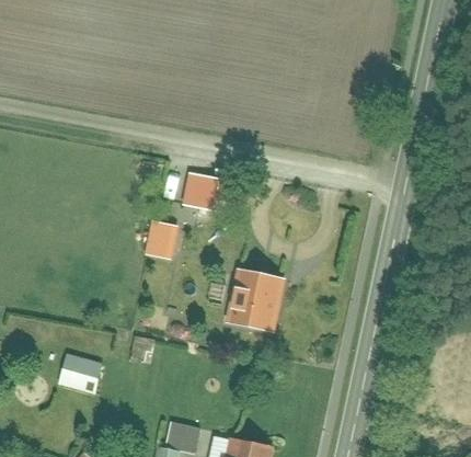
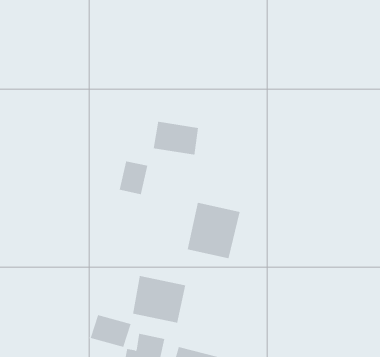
building: none -> [133,275,186,323]
building: [56,354,104,392] -> [90,314,131,347]

